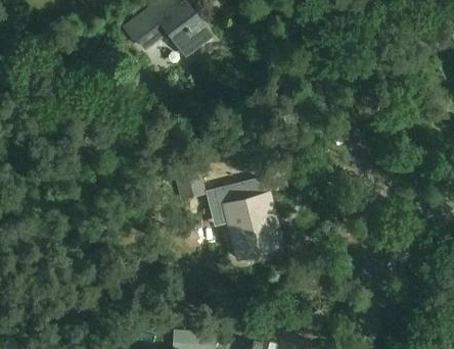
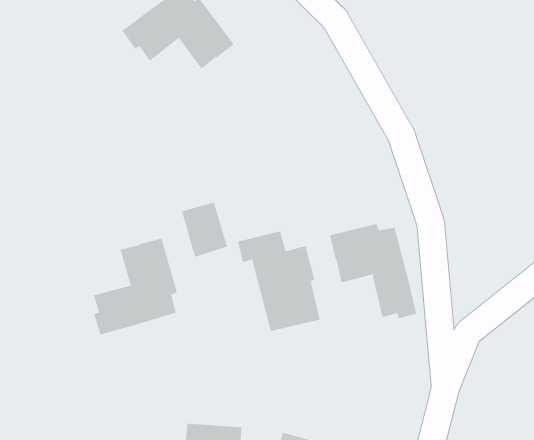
building: none -> [329,223,417,319]
building: none -> [93,238,177,335]

